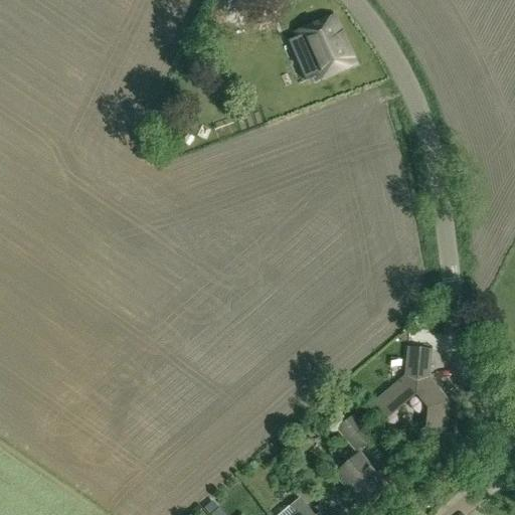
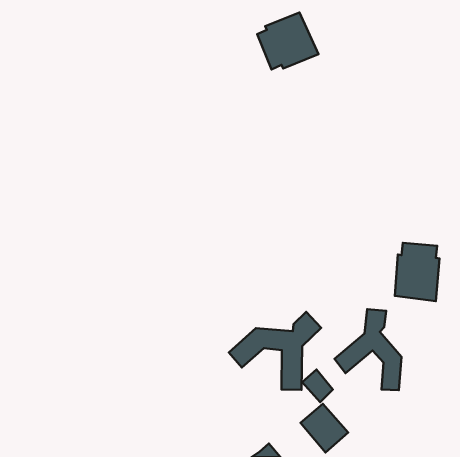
building: none -> [395,243,439,301]
building: none -> [229,312,321,390]

